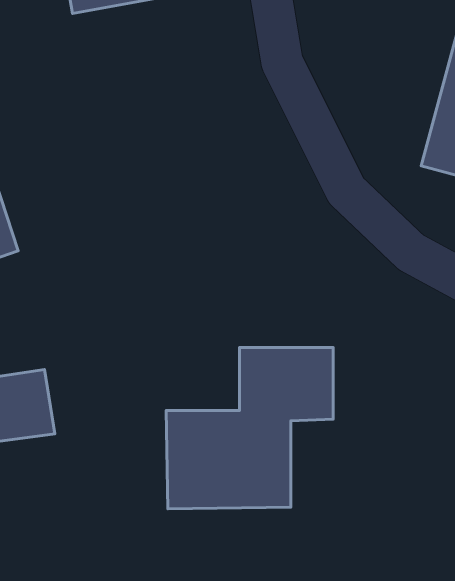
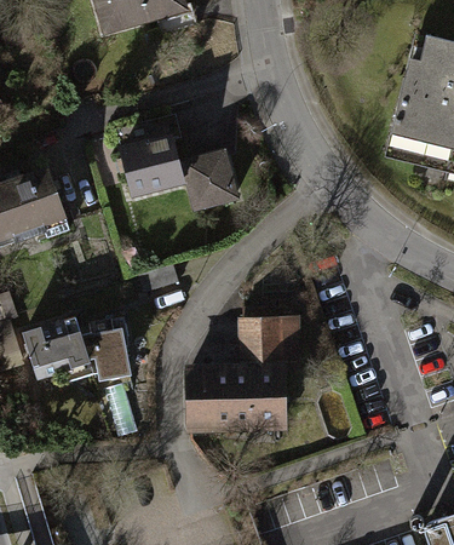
building: none -> [117,124,243,206]
building: none -> [82,319,131,383]

